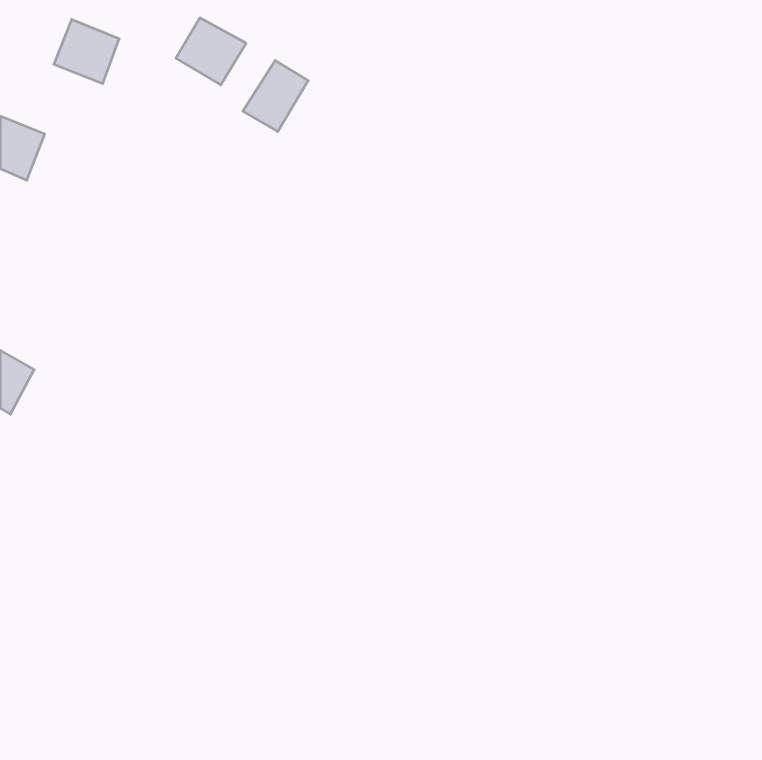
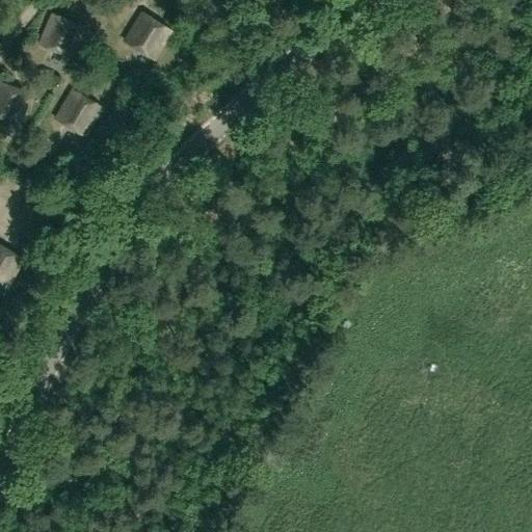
building: [243,60,308,132] -> none
building: none -> [54,88,102,137]

